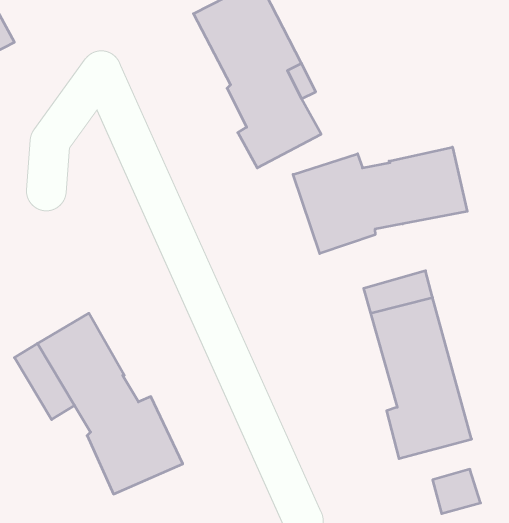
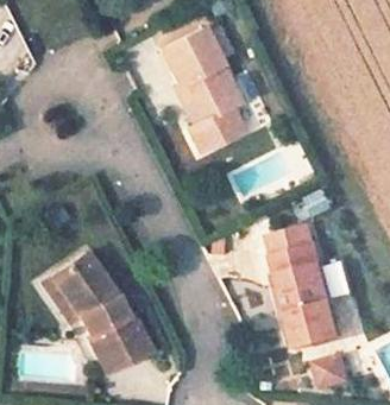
building: [293,147,467,254] -> none

